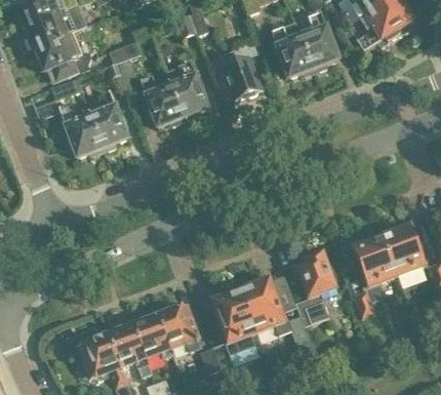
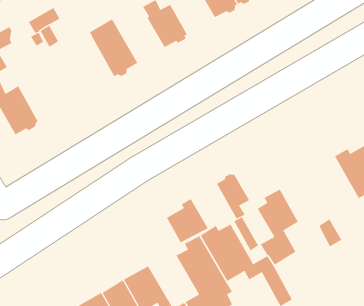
building: [139,75,182,126] -> none
building: [88,91,127,149] -> none
building: none -> [216,173,250,219]
building: [353,230,397,286] -> none
building: none -> [166,198,208,243]

